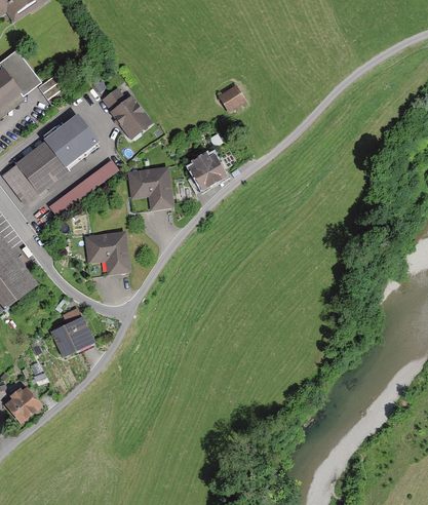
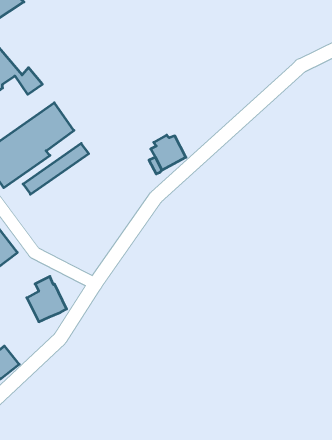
building: [218,85,246,114] -> none
building: [99,87,153,141] -> none
building: [126,166,173,209] -> none
building: [83,230,130,275] -> none

